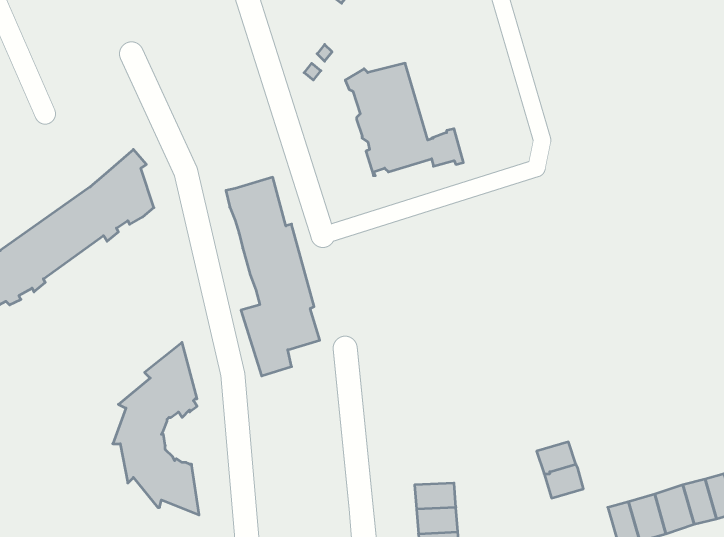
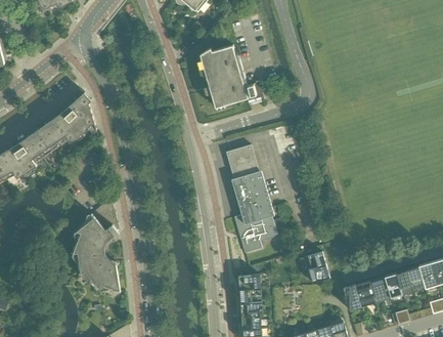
building: [226,177,320,376] -> [225,144,276,253]

